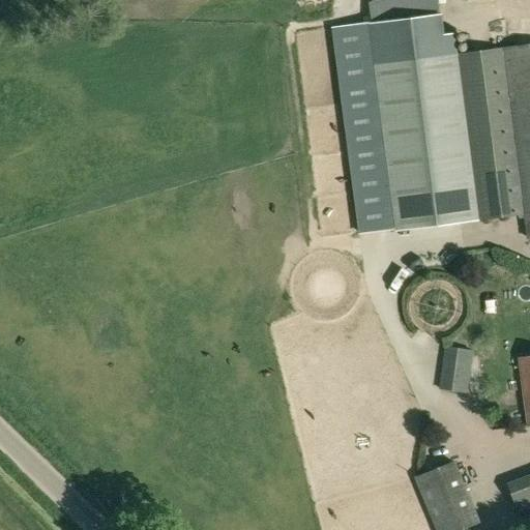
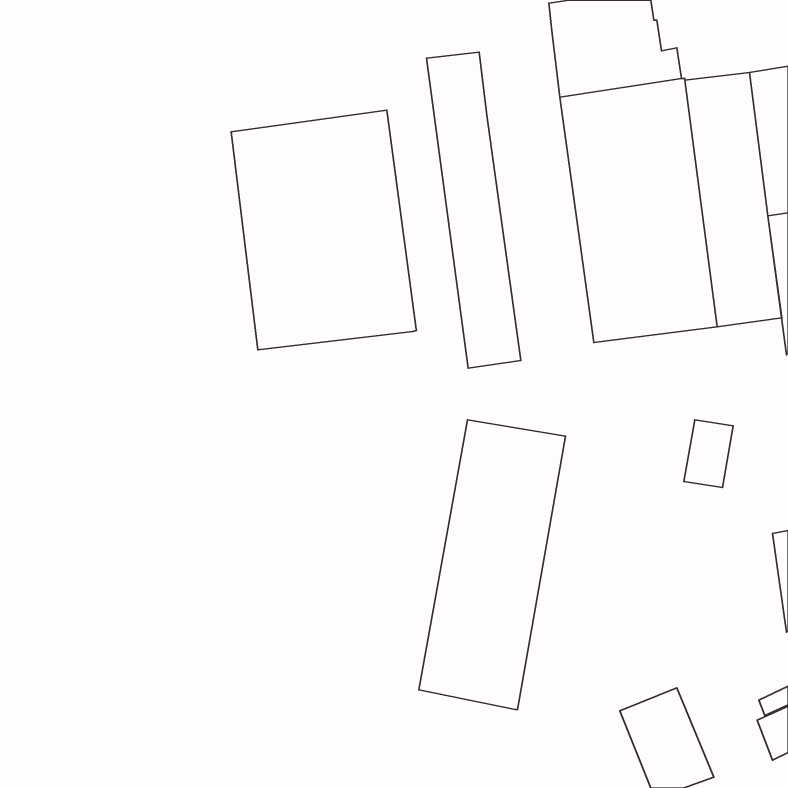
building: [335,23,399,235] -> [427,52,521,368]
building: none -> [231,110,417,350]
building: none -> [419,420,565,710]
building: [440,347,473,392] -> [684,420,733,488]

